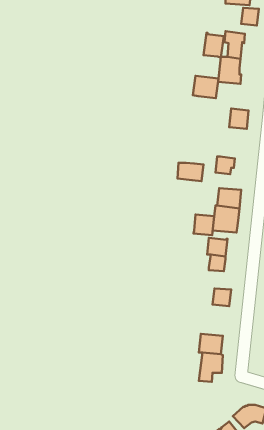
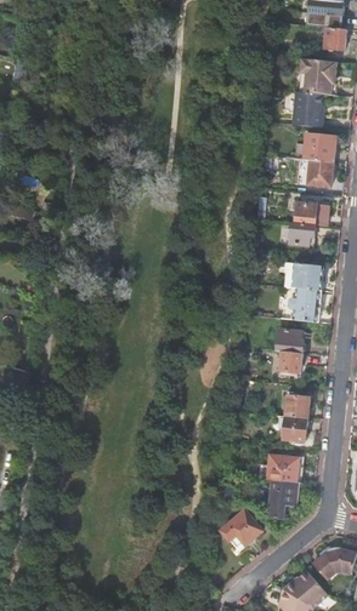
building: [204,33,224,57] -> none
building: [193,76,219,98] -> [302,133,336,162]
building: [178,163,203,181] -> [295,202,329,227]
building: [193,215,214,235] -> none
building: none -> [282,417,307,441]
building: none -> [220,510,262,546]

